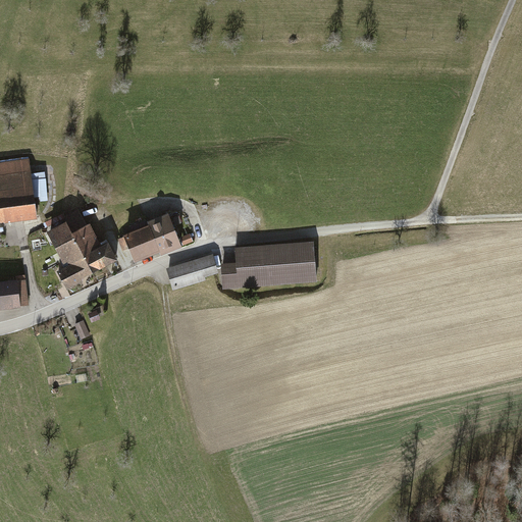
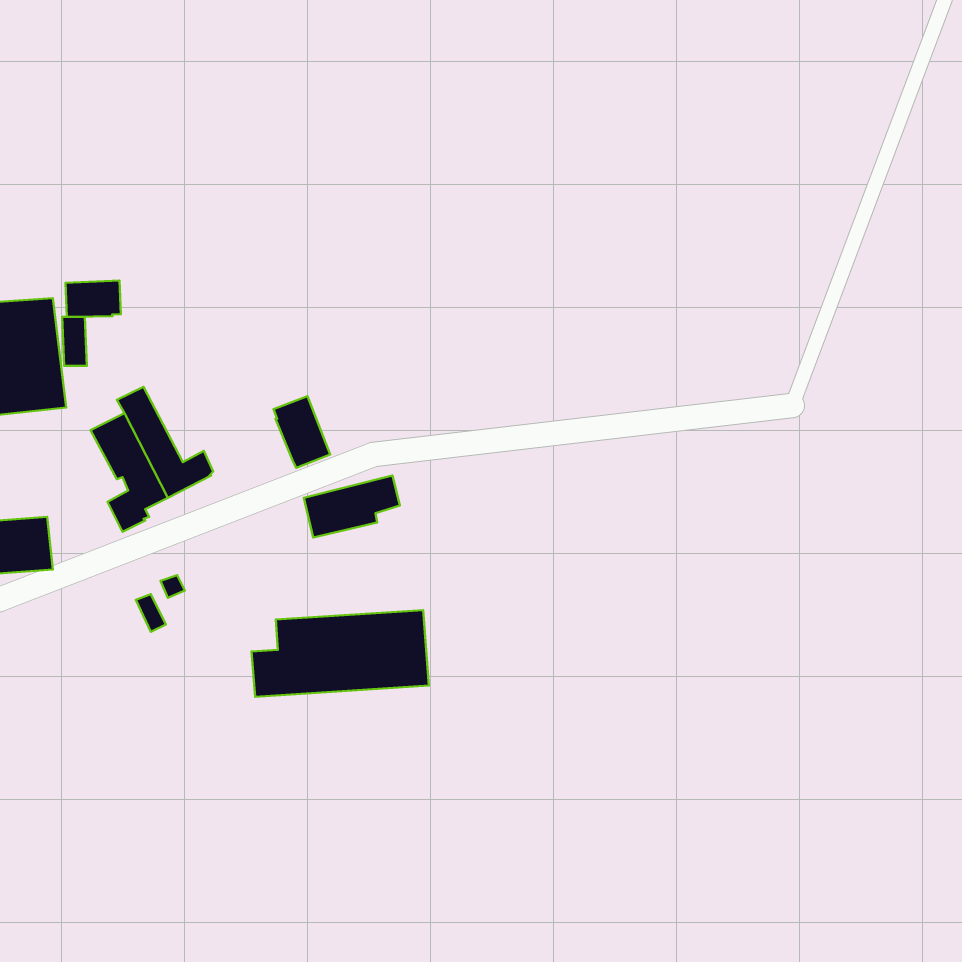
building: none -> [66,281,121,317]
building: [118,226,158,259] -> none
building: [219,242,315,289] -> [251,610,429,697]

